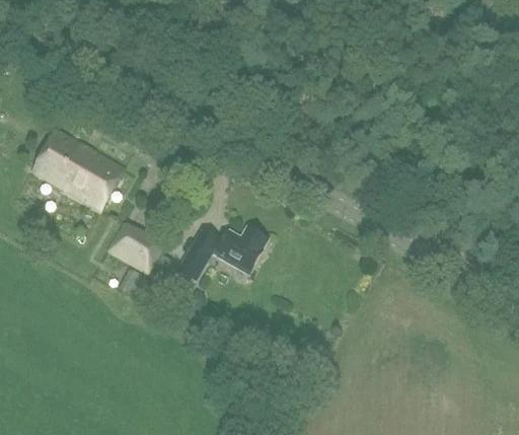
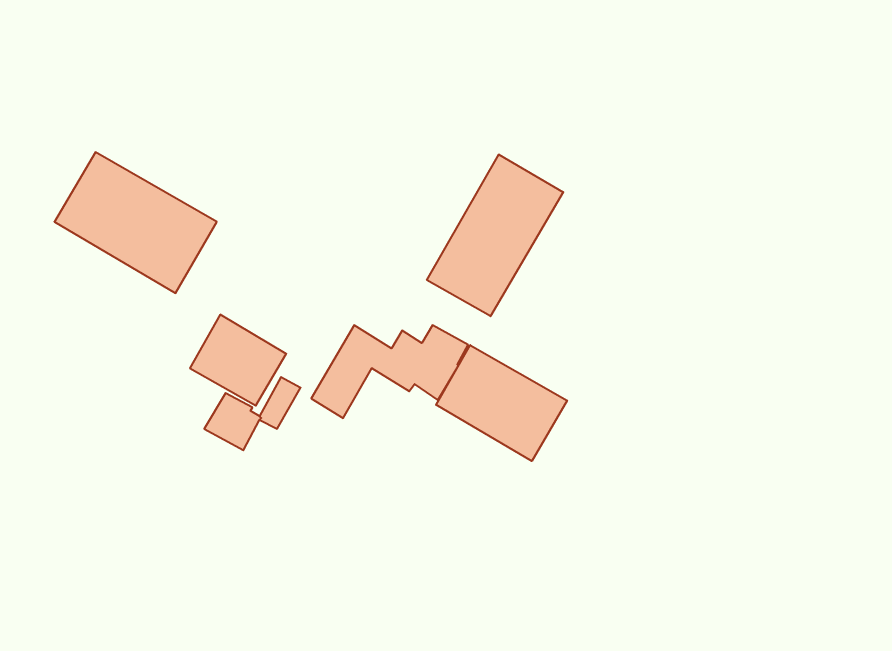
building: none -> [427,154,563,316]
building: none -> [436,345,567,461]

